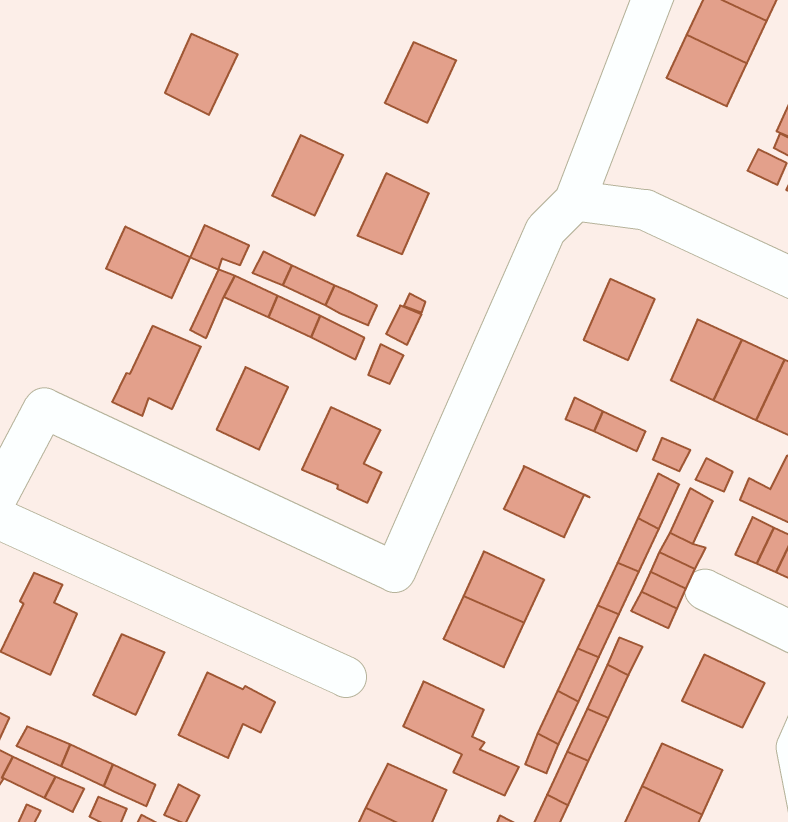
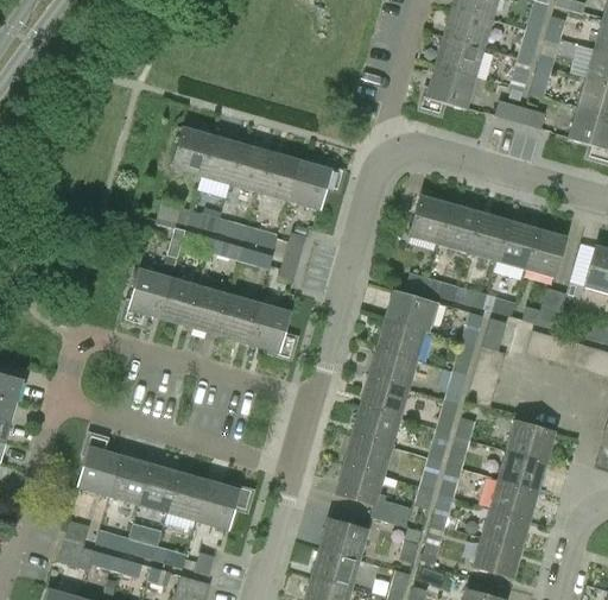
building: [165,34,238,115] -> [172,127,214,176]
building: [385,42,456,123] -> [230,144,271,192]
building: none -> [420,64,476,114]
building: none -> [289,159,344,210]
building: [106,226,190,298] -> none
building: none -> [439,203,479,252]
building: none -> [160,277,202,327]
building: none -> [218,293,259,343]
building: none -> [385,289,439,333]
building: none -> [368,348,417,389]
building: none -> [110,455,151,504]
building: none -> [343,435,392,475]
building: none -> [167,470,208,520]
building: none -> [498,450,546,490]

